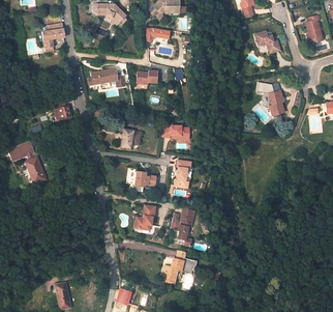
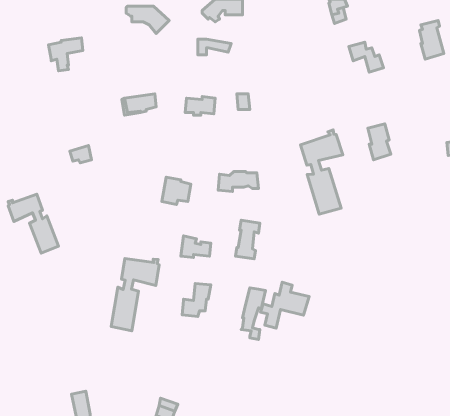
building: none -> [300,130,343,214]
building: none -> [111,259,159,331]
building: [162,250,198,283] -> [260,282,309,328]

